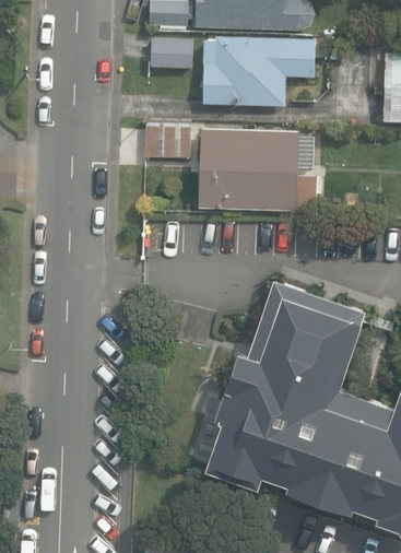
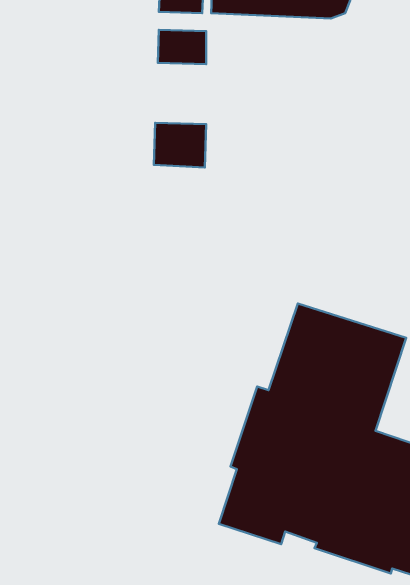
building: [203,38,316,107] -> none
building: [200,130,317,211] -> none

